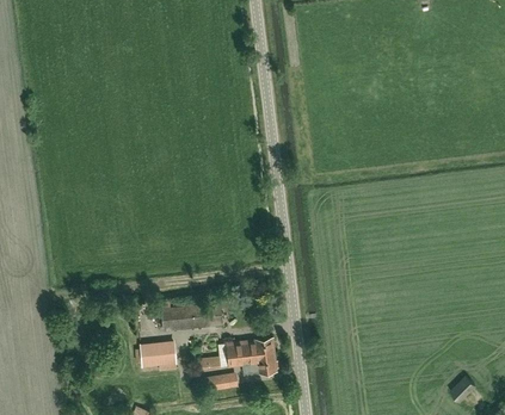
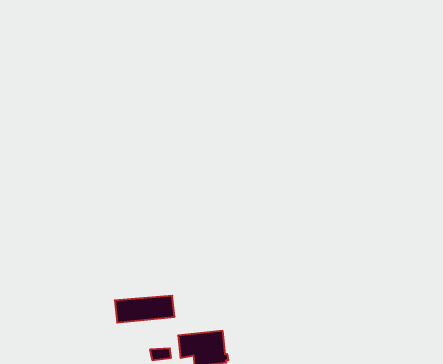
building: [140,343,174,366] -> none

